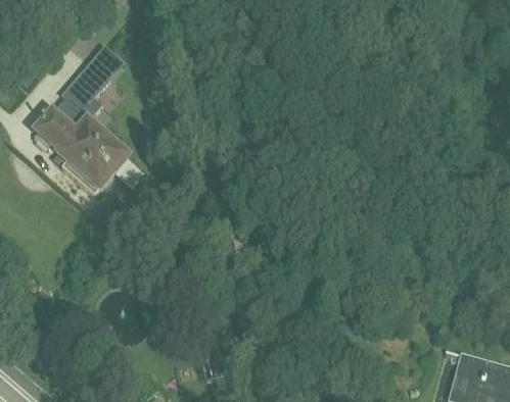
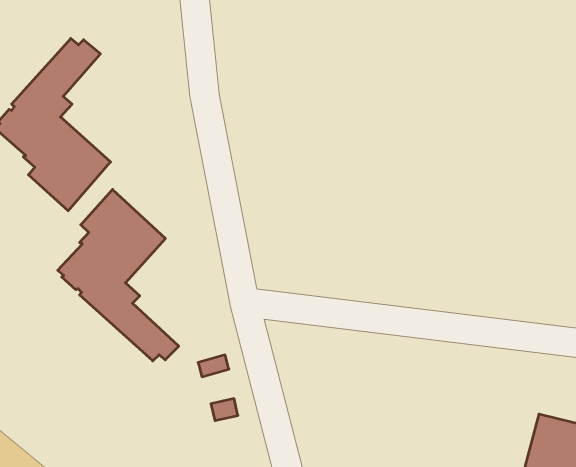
building: none -> [58,189,179,361]

